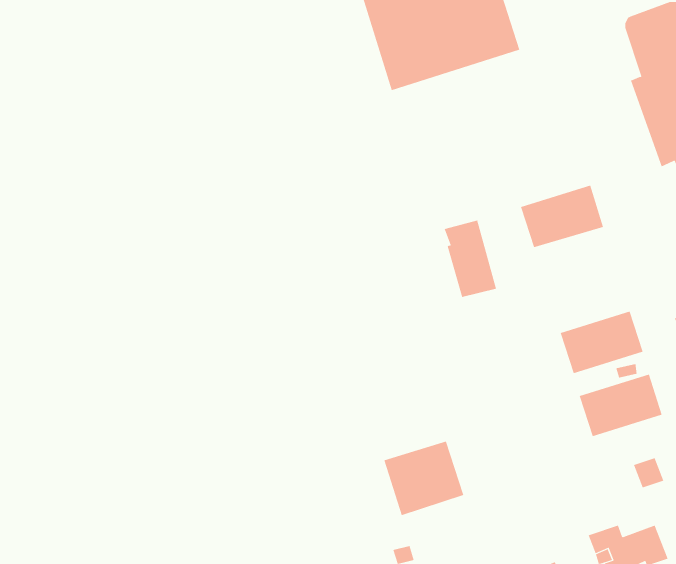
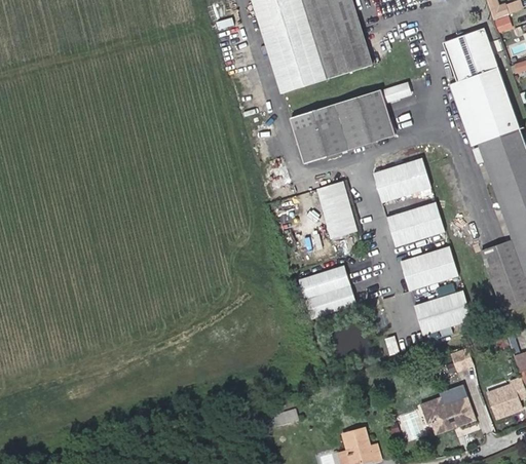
building: none -> [290,82,410,162]
building: none -> [386,202,444,247]
building: [383,441,464,516] -> [300,266,356,318]

